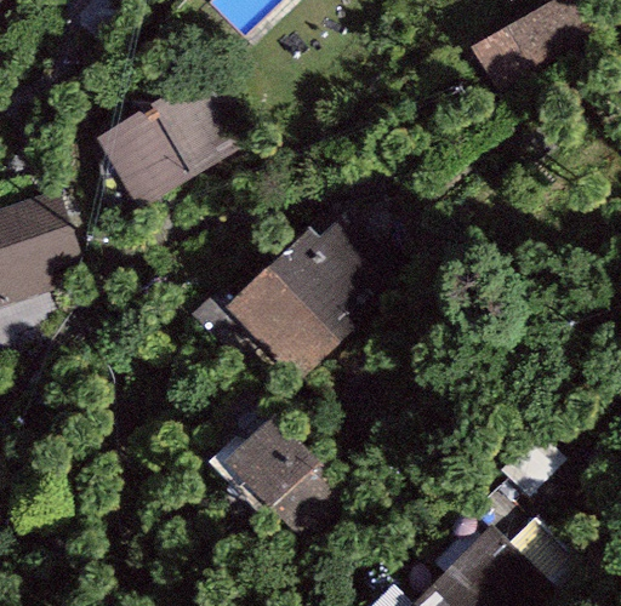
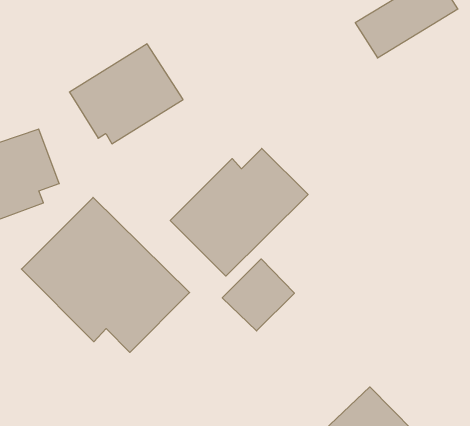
building: none -> [21,197,190,352]
building: [221,418,315,513] -> [222,259,294,331]

